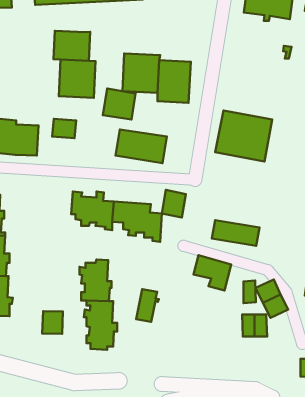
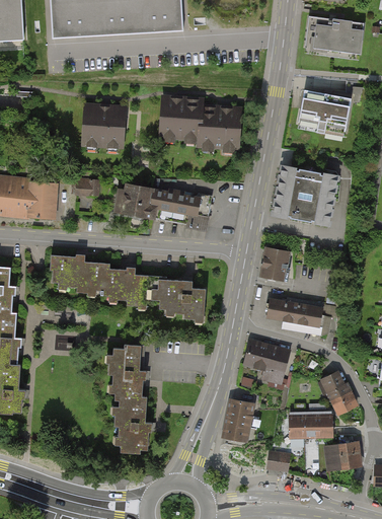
building: [53,31,90,61] -> none
building: none -> [299,88,352,133]
building: [103,88,136,119] -> [116,181,155,219]
building: none -> [50,250,98,298]
building: [162,190,186,218] -> [259,247,289,281]
building: [243,281,256,303] -> [289,412,304,439]
building: [136,289,159,322] -> [226,398,253,438]
building: [42,311,63,334] -> none
building: none -> [322,440,363,471]
building: none -> [268,451,291,472]

